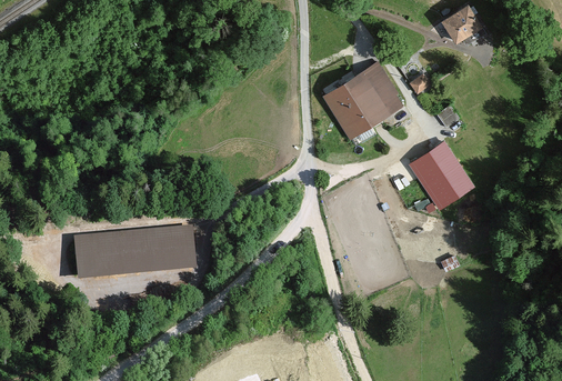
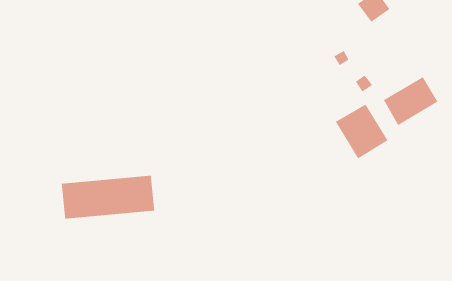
building: [322,59,405,139] -> none
building: none -> [383,76,439,126]

